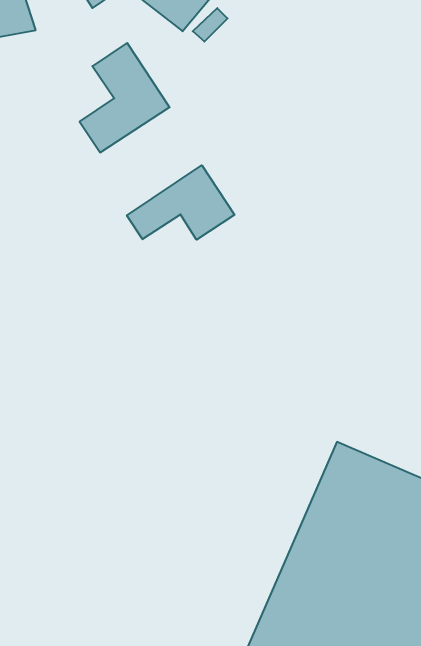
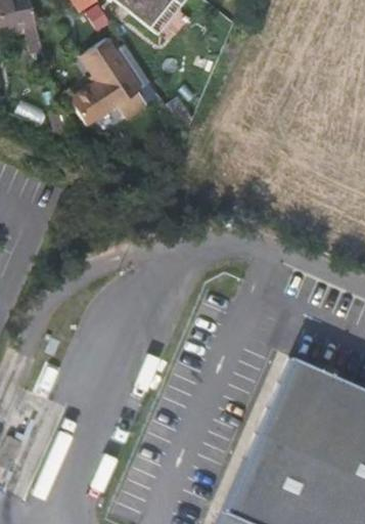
building: [127,165,234,240] -> none

